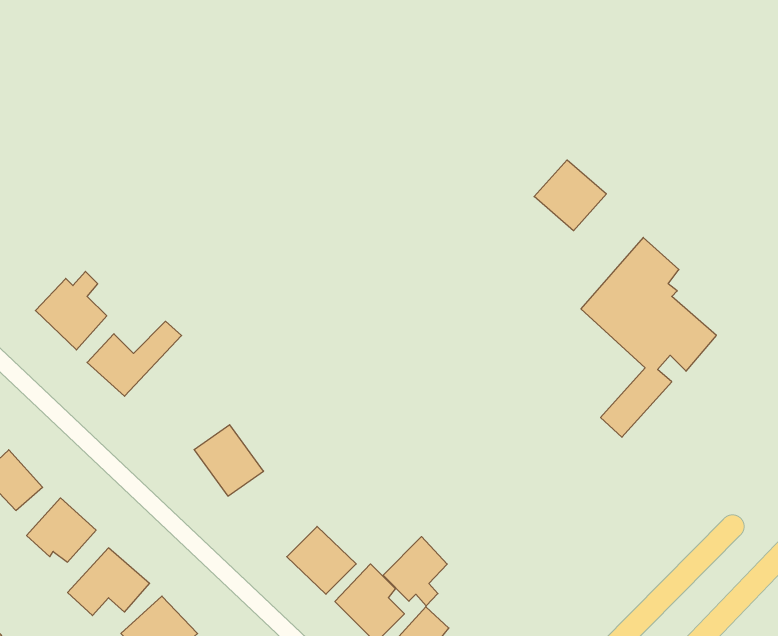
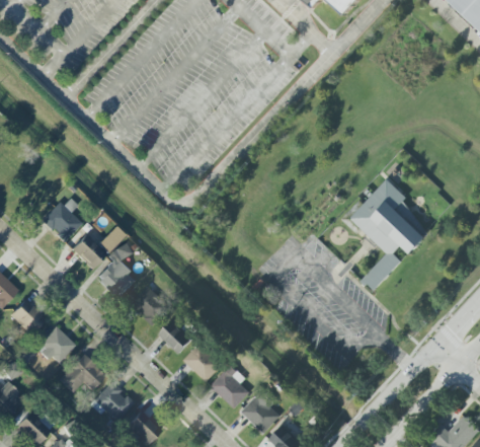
building: [534,160,606,231] -> none
building: none -> [96,241,137,298]
building: none -> [159,320,192,354]
building: [383,537,447,606] -> none

